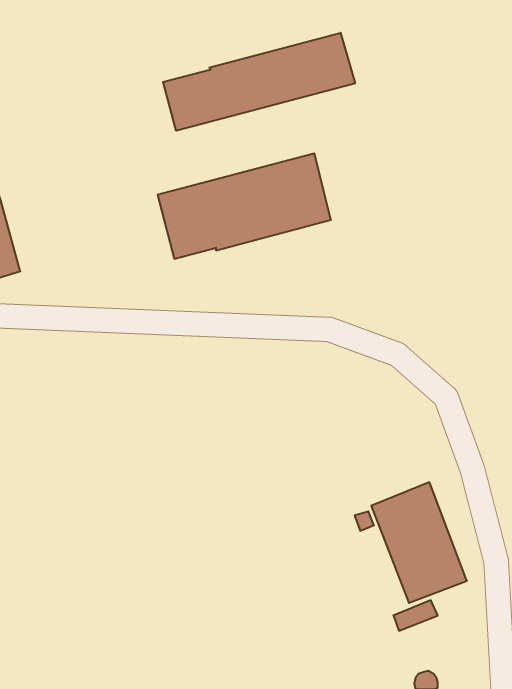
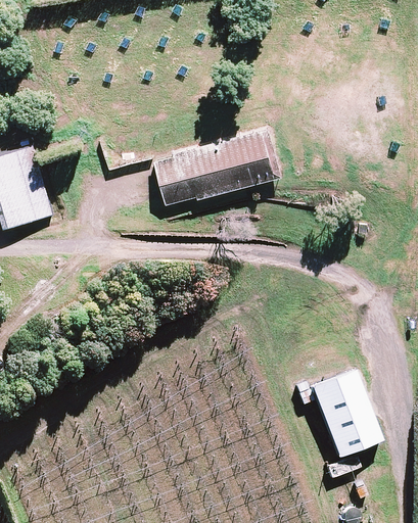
building: [163,33,355,131] -> none

